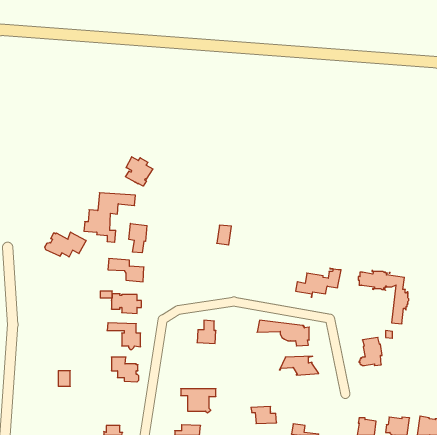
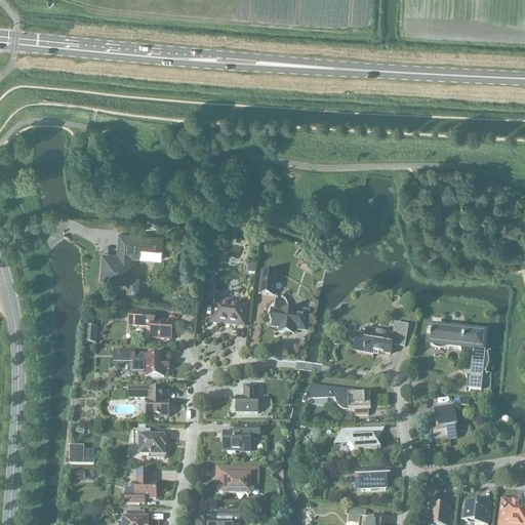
building: [125,157,153,186] -> none
building: [129,223,147,253] -> none
building: [45,232,86,257] -> none
building: none -> [271,295,309,331]
building: none -> [212,297,247,324]
building: none -> [225,423,260,450]
building: none -> [126,470,157,501]
building: [251,407,277,424] -> [356,468,387,488]

